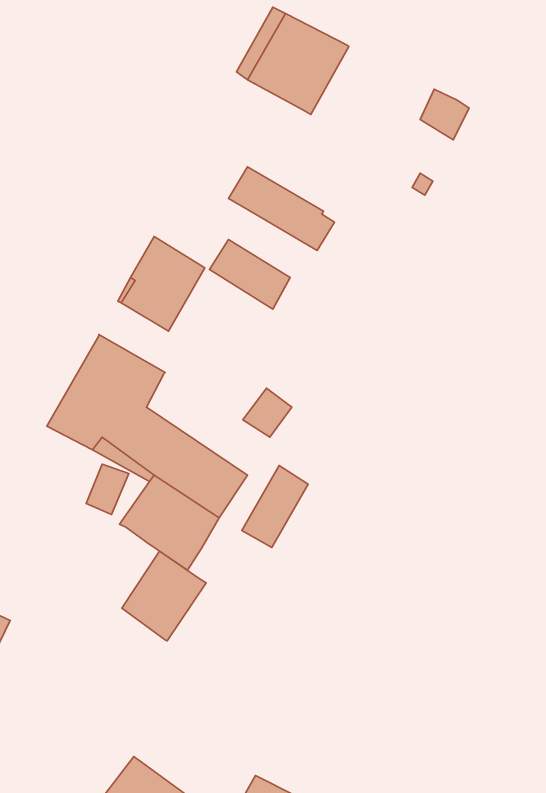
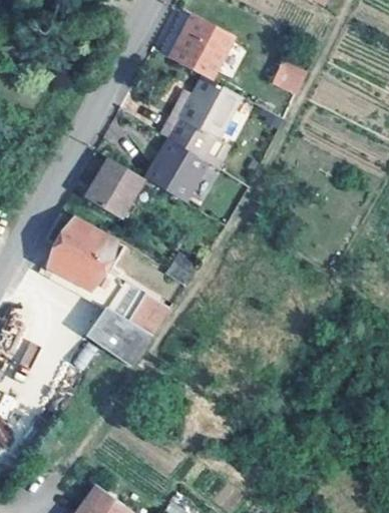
building: none -> [168,76,241,140]
building: none -> [156,139,208,182]
building: [242,465,308,547] -> none
building: [122,551,206,641] -> none

